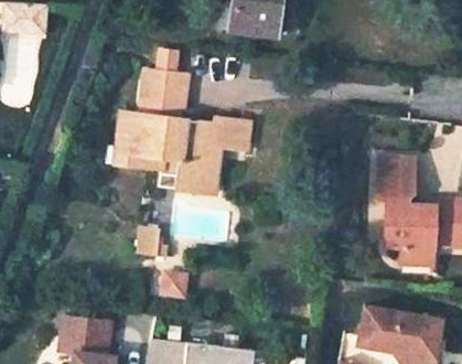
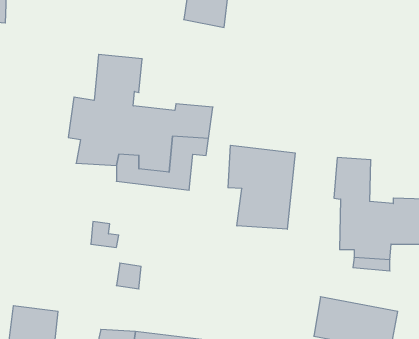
building: none -> [228,145,295,229]

